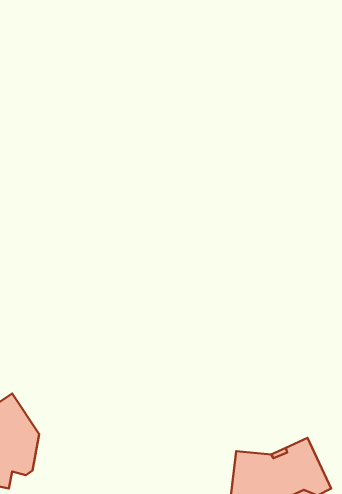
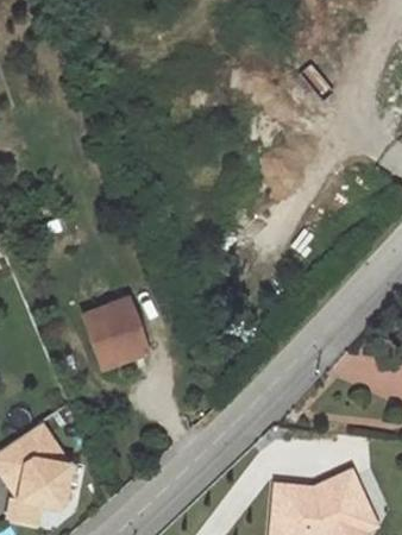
building: none -> [82,297,146,367]

